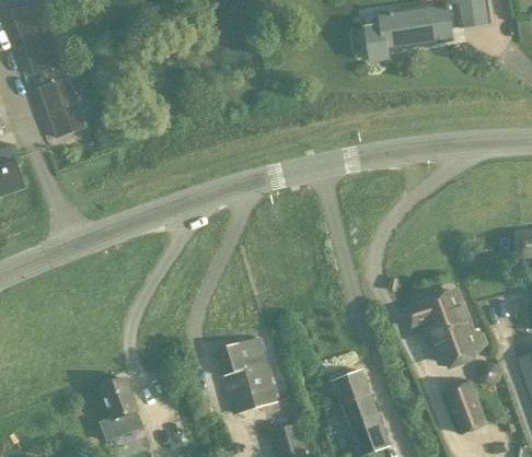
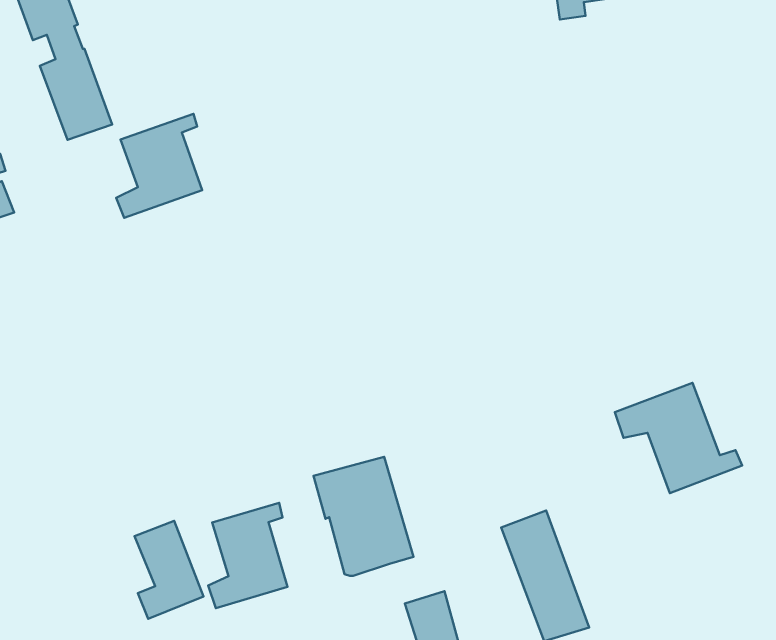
building: none -> [116,114,202,218]
building: none -> [208,503,288,608]
building: [446,383,486,432] -> none

